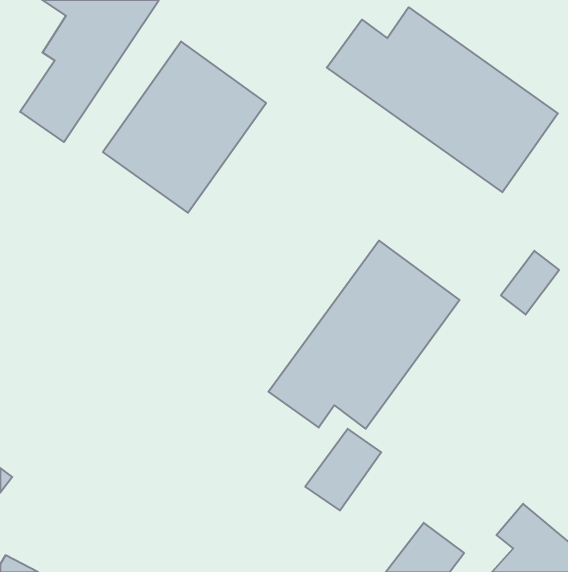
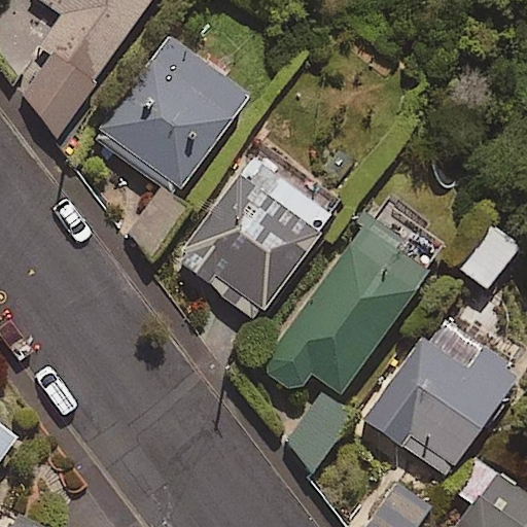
building: [327,7,558,192] -> none
building: none -> [177,143,342,318]
building: none -> [365,339,519,477]

